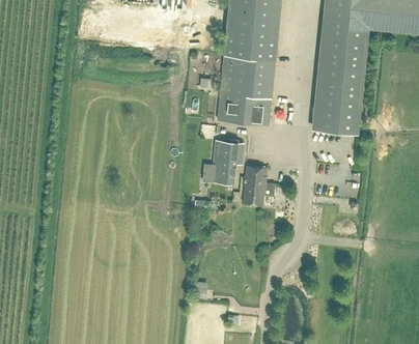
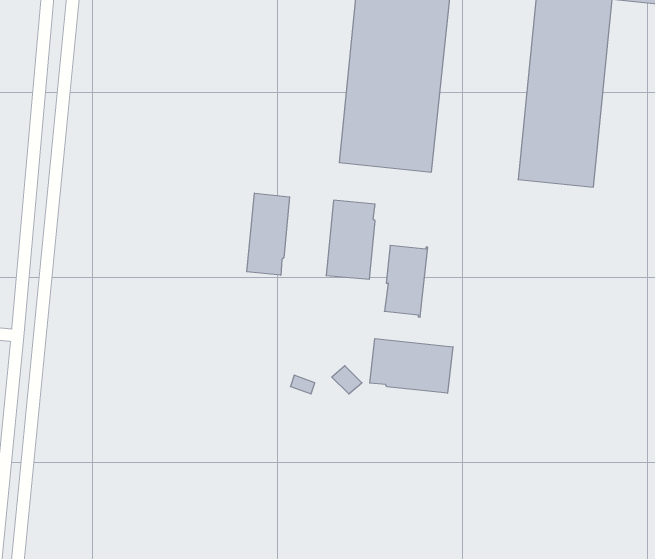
building: none -> [247,193,290,275]
building: none -> [370,339,453,393]

